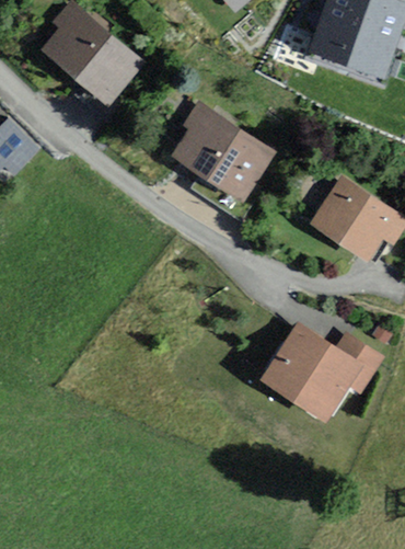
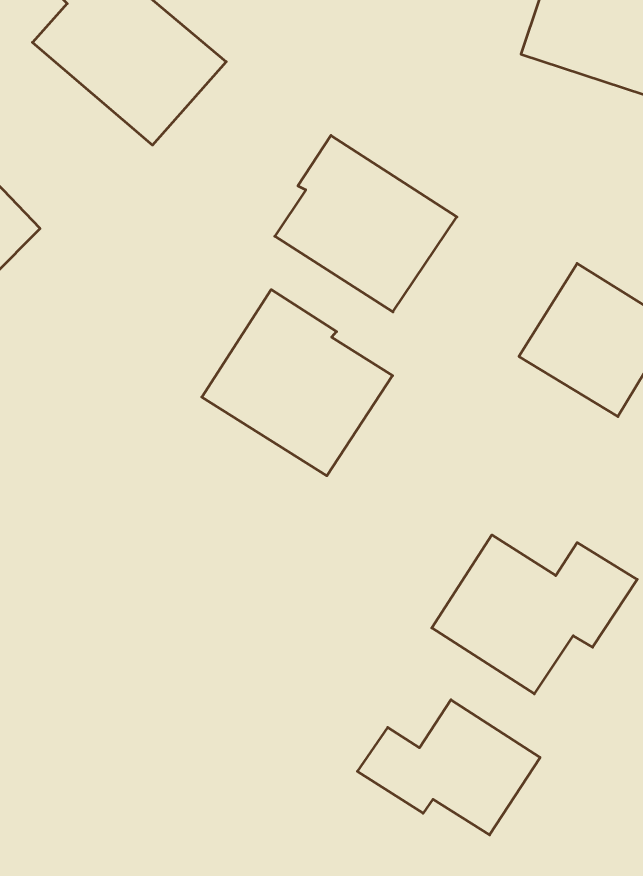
building: none -> [202,290,393,476]
building: none -> [357,700,540,835]

